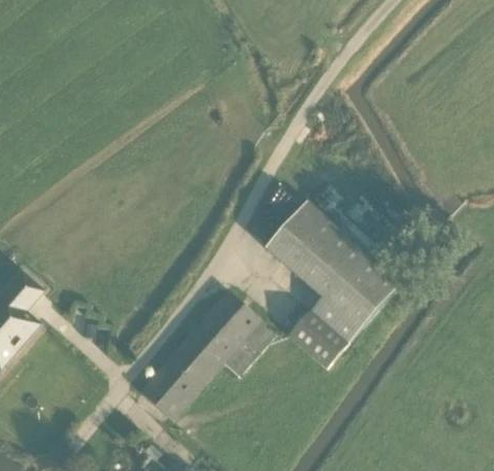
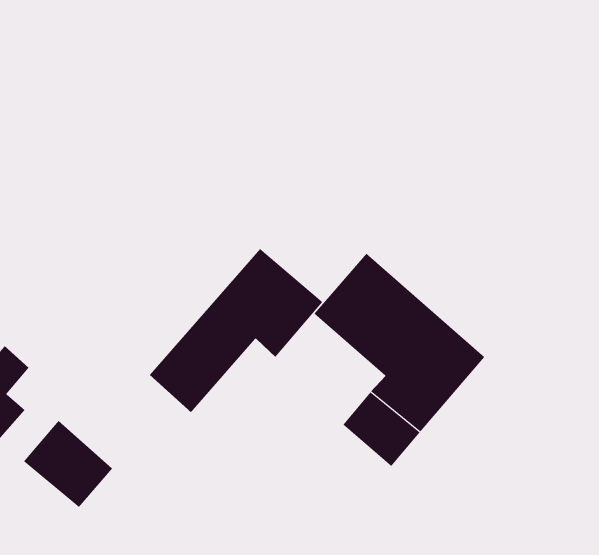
building: [139,290,277,420] -> [149,248,323,413]
building: none -> [23,420,113,508]

